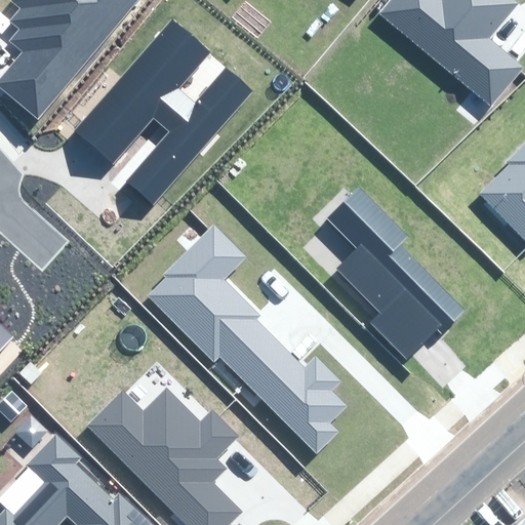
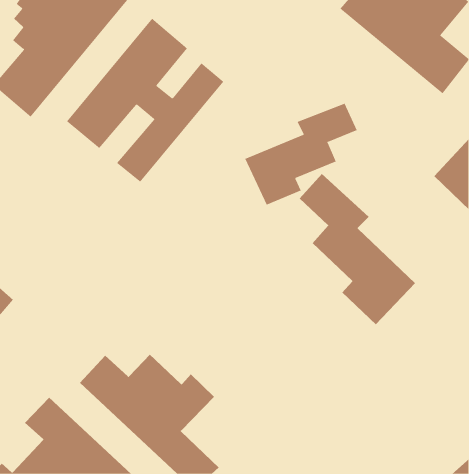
building: none -> [244,103,357,205]
building: [144,227,348,453] -> none

